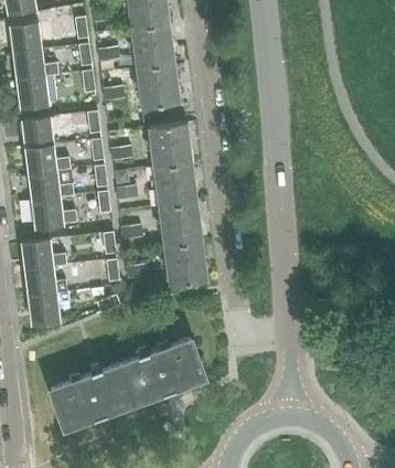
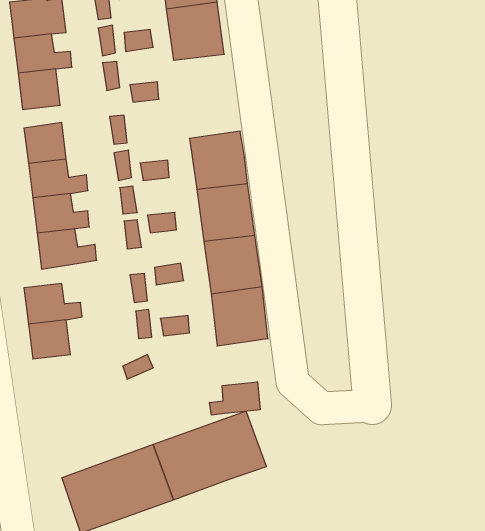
building: [136,65,180,109] -> none
building: [29,294,61,325] -> none
building: none -> [210,382,260,415]

